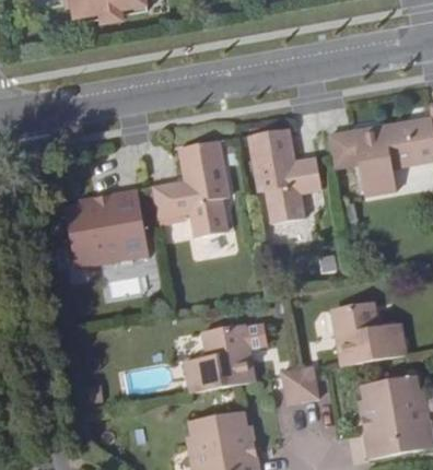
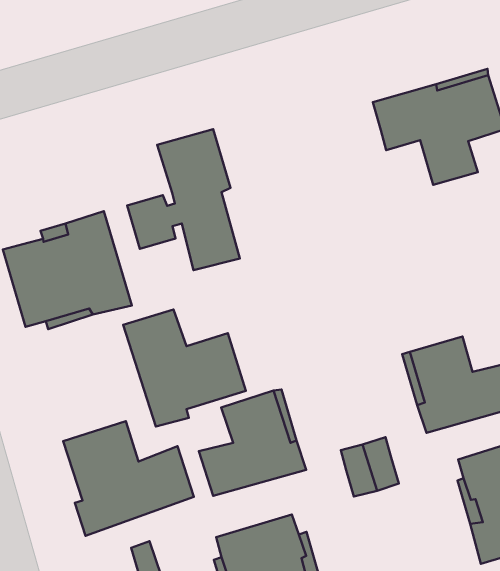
building: [248,129,321,222] -> none
building: none -> [123,309,246,427]
building: none -> [63,421,194,536]

